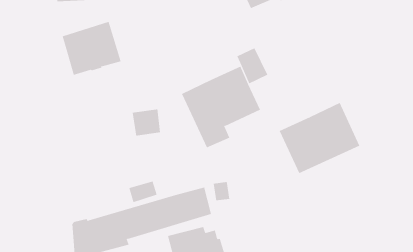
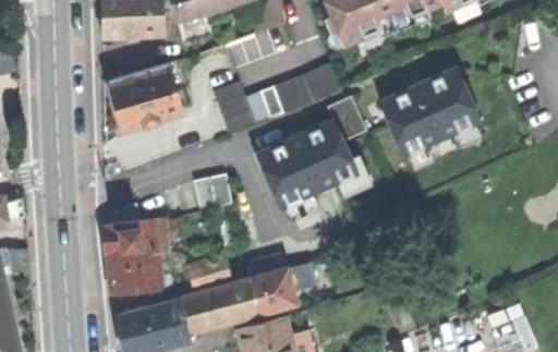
building: none -> [214,61,340,131]
building: [279,102,360,174] -> [377,65,478,155]
building: none -> [106,218,168,293]

